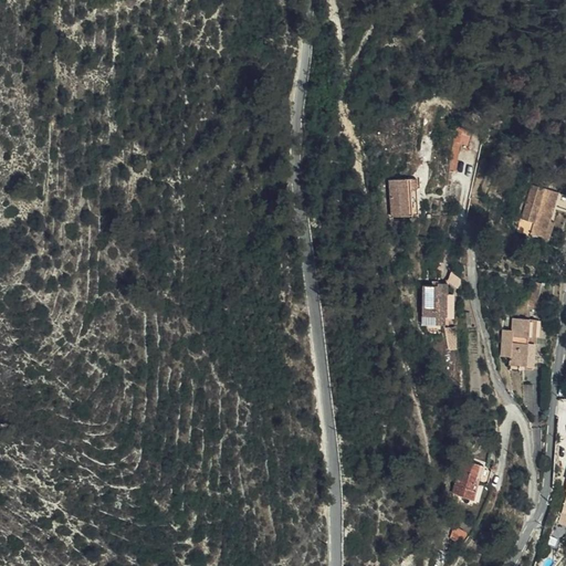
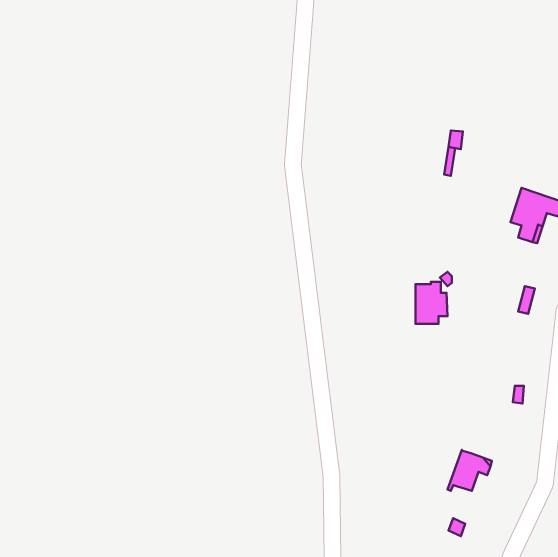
building: [387,180,417,219] -> none
building: [500,318,536,367] -> none

